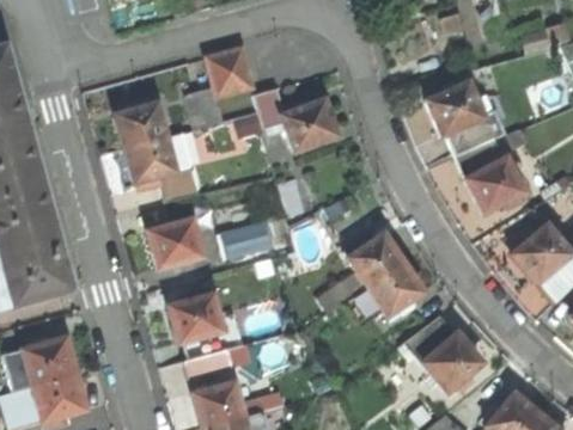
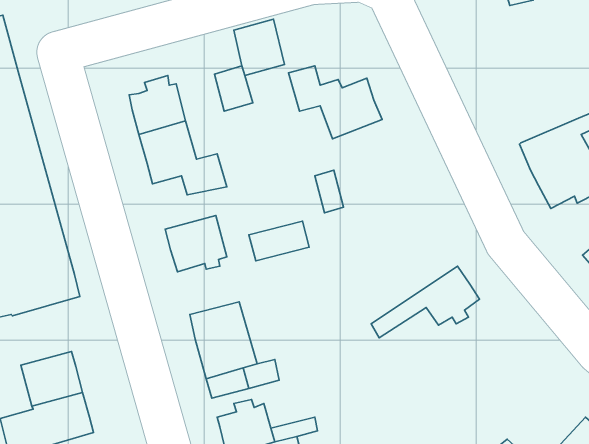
building: [426,81,507,155] -> none
building: [318,232,402,313] -> none
building: [403,315,480,393] -> none

